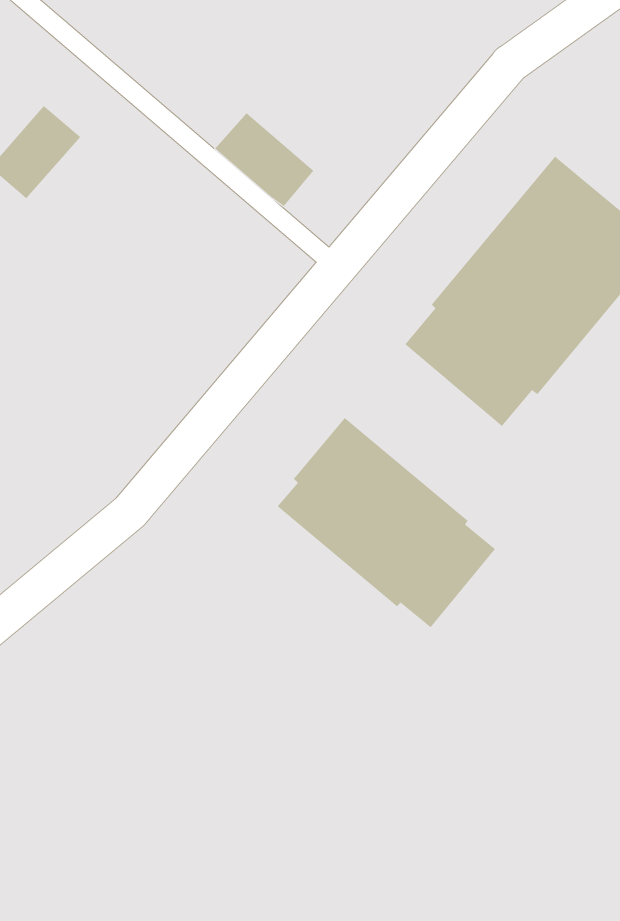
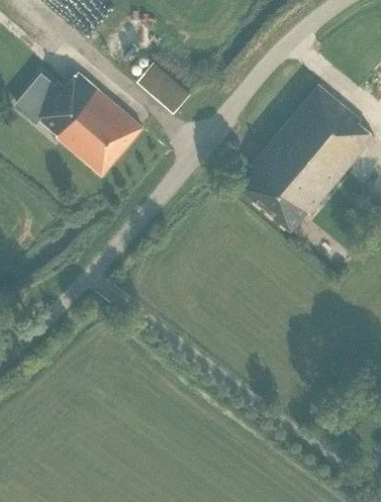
building: none -> [38,73,142,176]
building: [277,417,496,628] -> none

